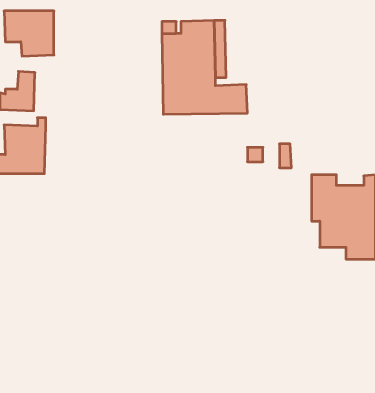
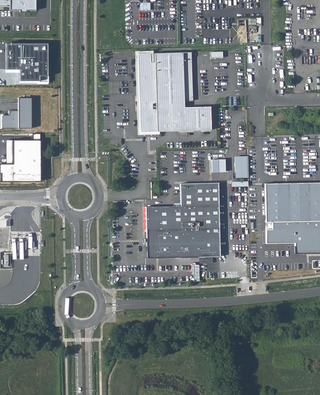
building: none -> [144,182,219,258]

